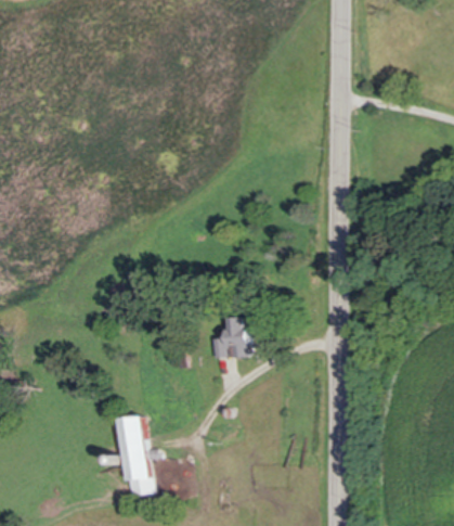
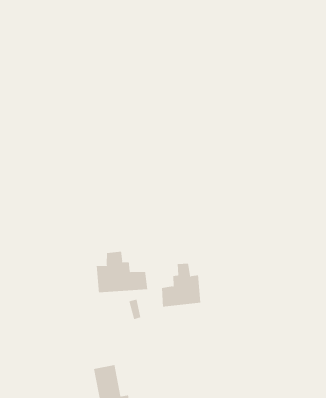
building: none -> [96,251,148,293]

